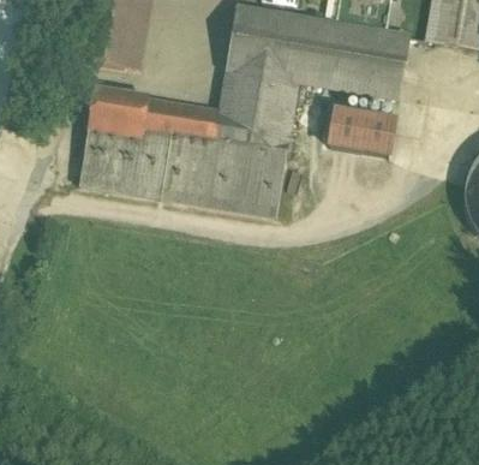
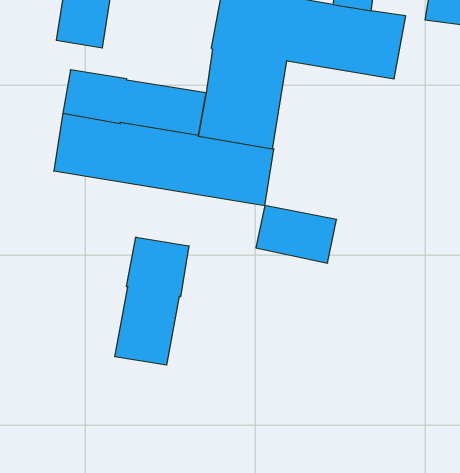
building: [312,101,388,155] -> [256,206,337,263]
building: none -> [115,237,189,365]

